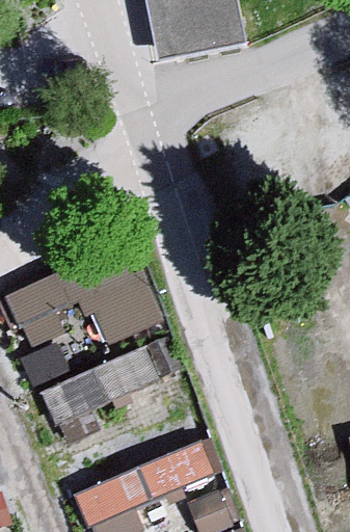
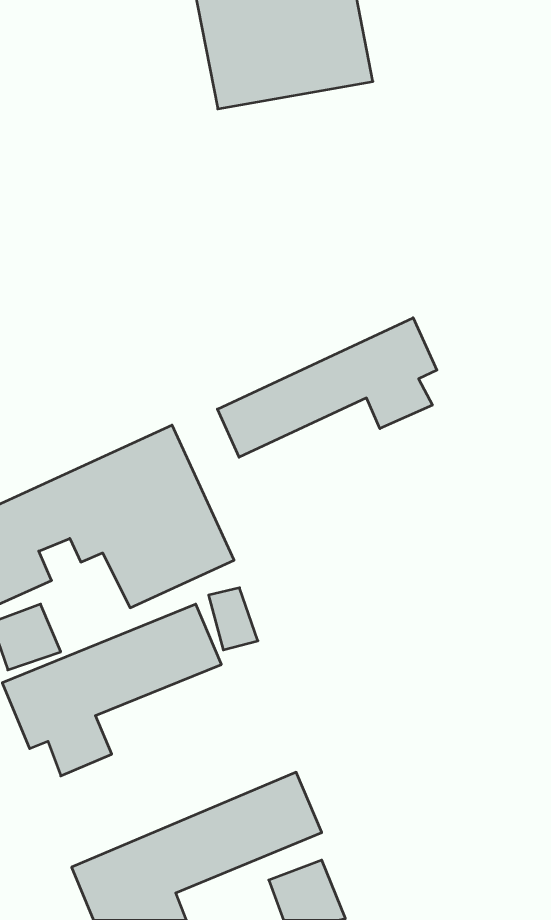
building: none -> [217,318,437,457]

